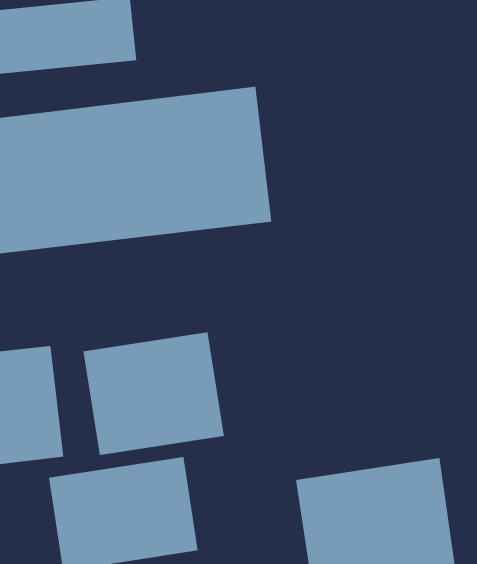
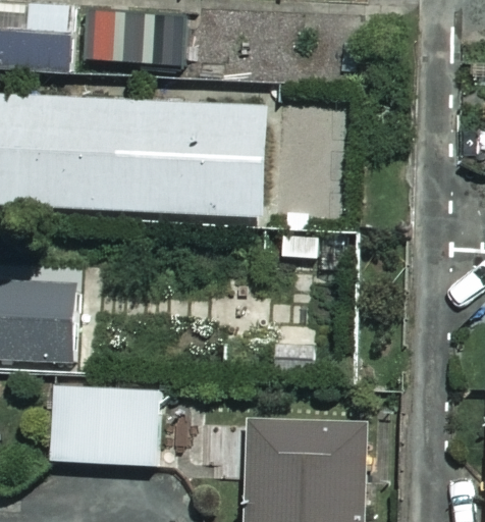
building: [83,331,225,456] -> none

